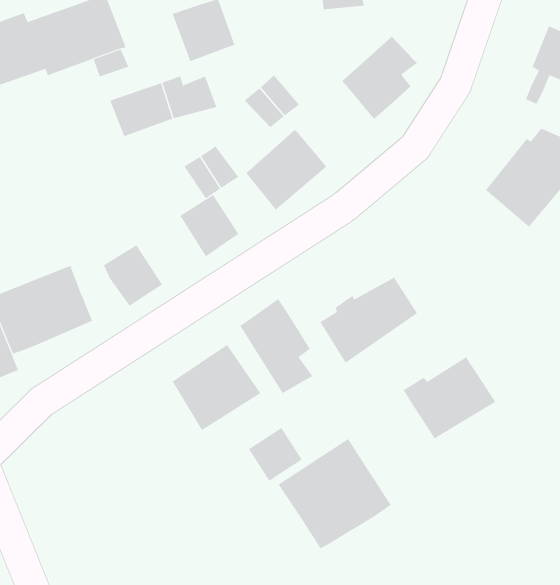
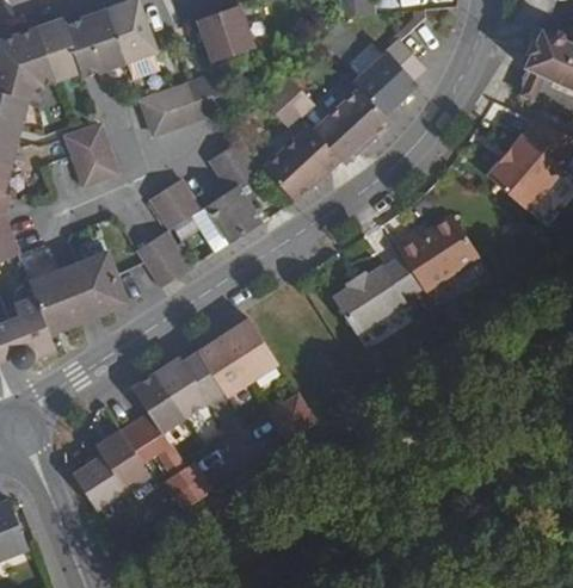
building: none -> [313,87,388,162]
building: none -> [62,119,115,180]
building: none -> [147,178,197,227]
building: [239,298,313,394] -> none
building: [403,356,496,439] -> [394,216,480,292]
building: none -> [76,361,211,516]
building: [278,438,391,549] -> none

